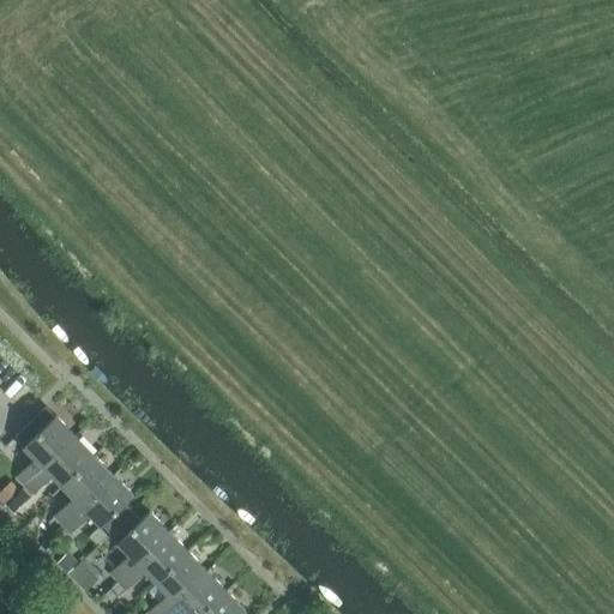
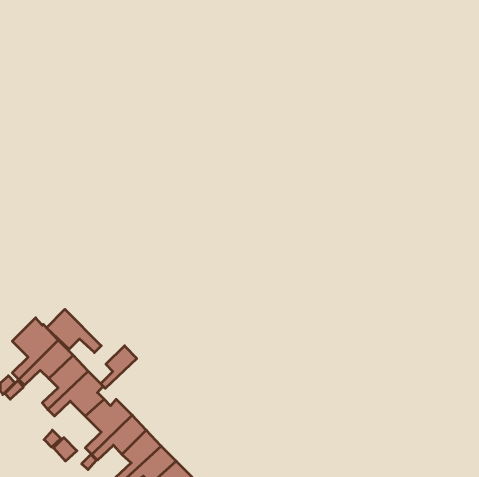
building: none -> [46,309,101,353]
building: none -> [101,346,137,388]

